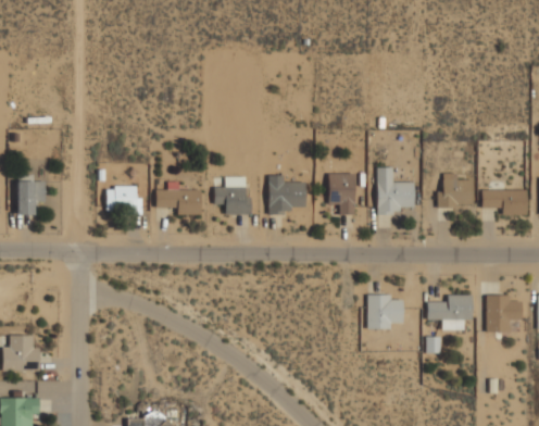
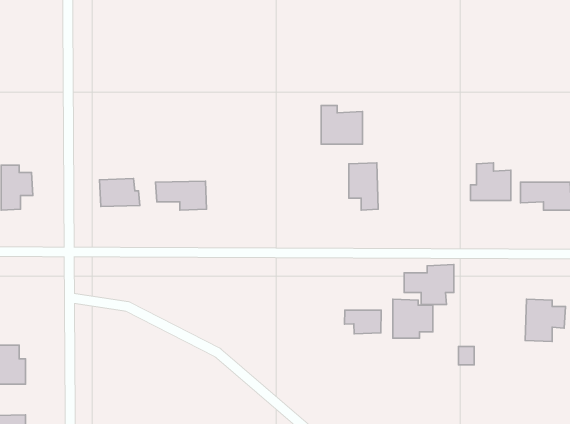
building: [377,167,414,211] -> none
building: [268,176,305,211] -> [321,105,363,144]
building: [214,187,251,215] -> none
building: [427,295,472,330] -> [404,264,454,305]
building: none -> [344,310,381,334]

